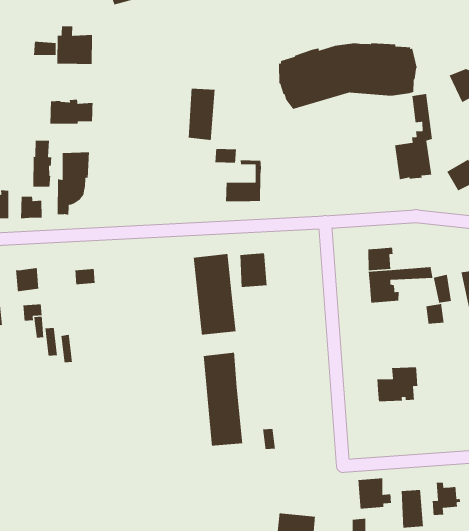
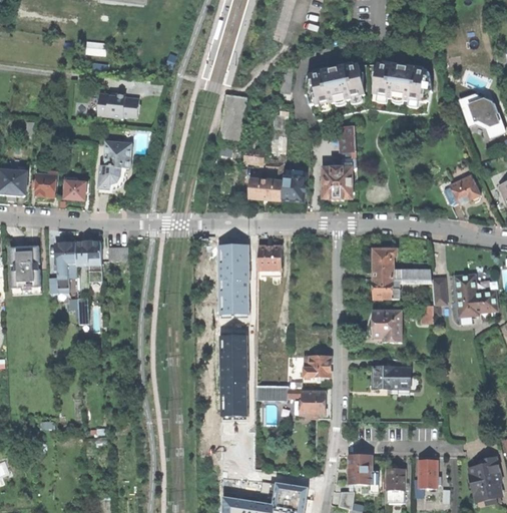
building: [56,26,93,65] -> none
building: [394,93,433,180] -> [322,124,357,200]
building: [32,140,52,187] -> none
building: none -> [282,175,307,201]
building: none -> [76,241,102,282]
building: none -> [370,312,402,342]
building: none -> [303,357,331,377]
building: none -> [257,386,326,415]

